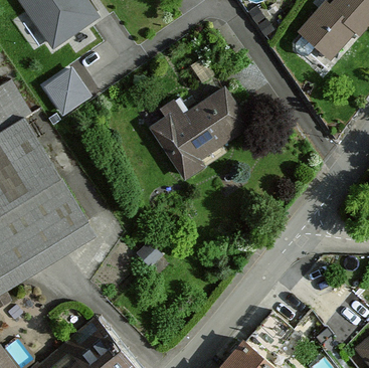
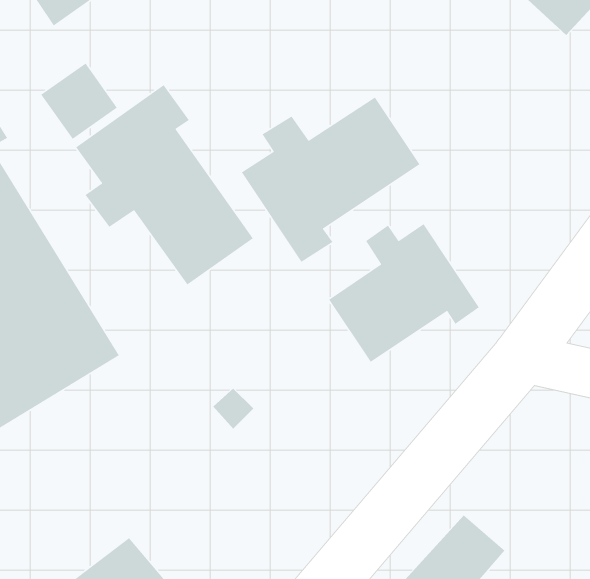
building: none -> [75,84,254,286]
building: none -> [328,223,480,363]

